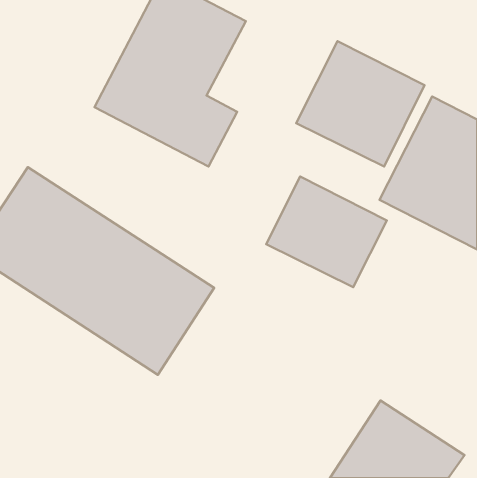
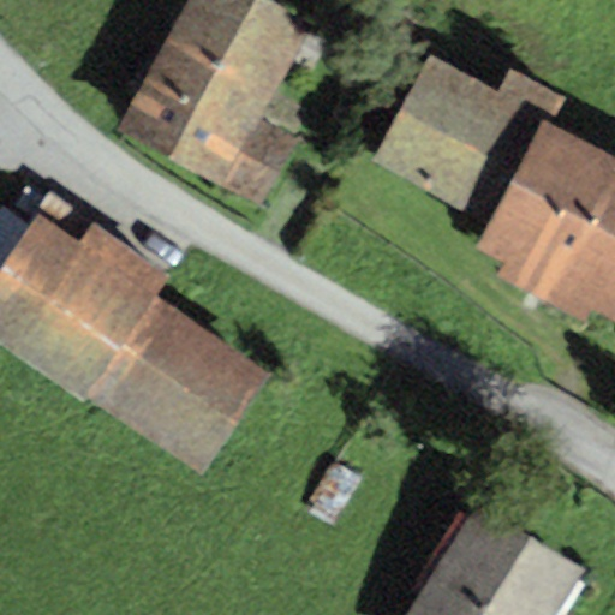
building: [266,176,387,287] -> none

